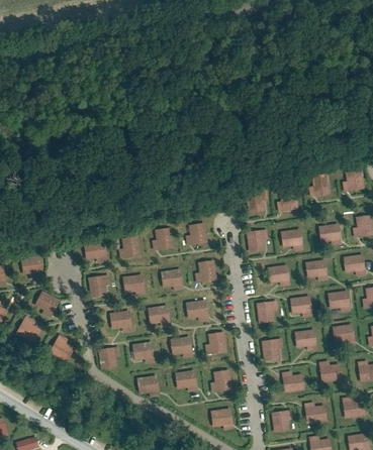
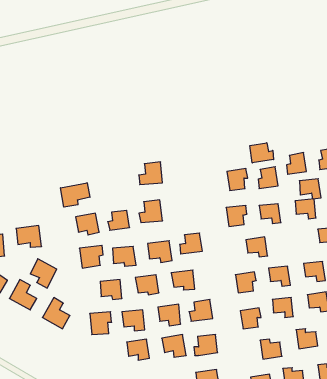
building: none -> [250,143,274,163]
building: none -> [61,183,90,207]
building: [186,221,211,245] -> [139,162,162,185]
building: [306,259,330,280] -> [299,179,321,199]

